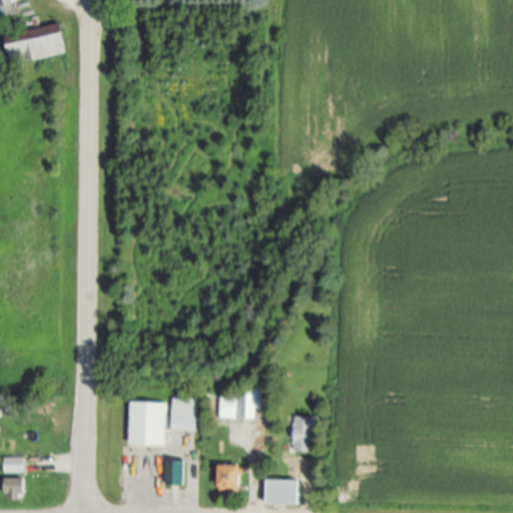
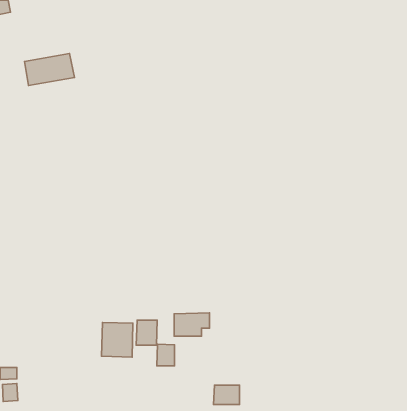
building: [4,23,66,63] -> [24,53,74,86]
building: [289,416,317,452] -> none
building: [217,465,239,492] -> [157,344,175,366]

